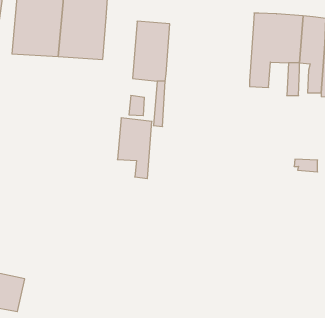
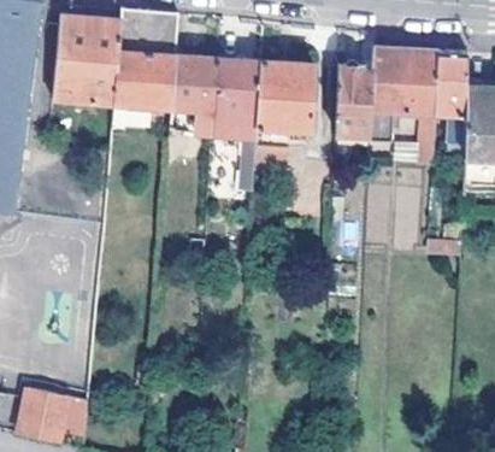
building: none -> [255,60,312,129]
building: none -> [336,65,371,136]
building: [117,118,152,179] -> [171,52,217,133]

